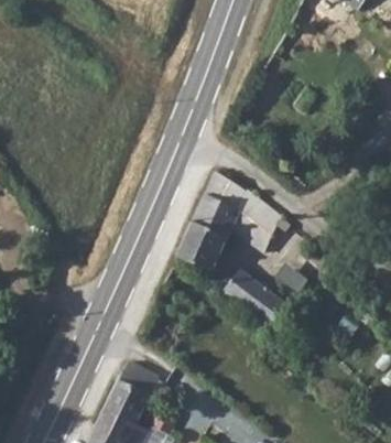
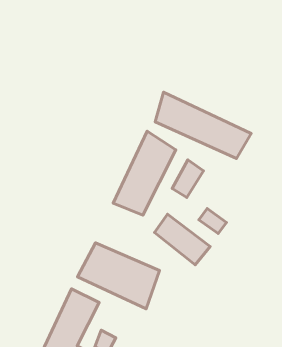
building: none -> [155,92,251,159]
building: none -> [78,243,160,309]

